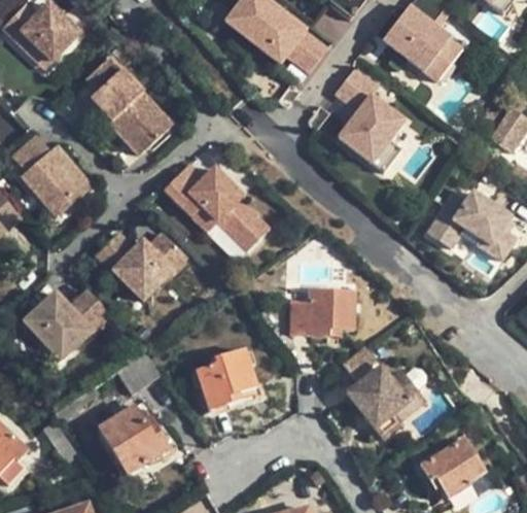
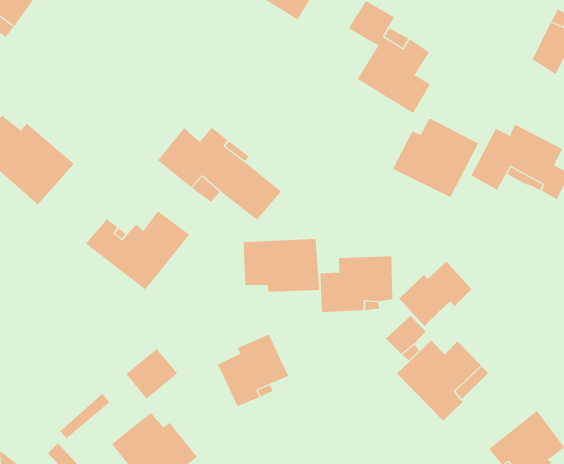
building: [87,55,174,152] -> none
building: none -> [392,118,479,198]
building: none -> [243,238,320,293]
building: [22,289,108,360] -> none
building: none -> [399,261,472,327]

